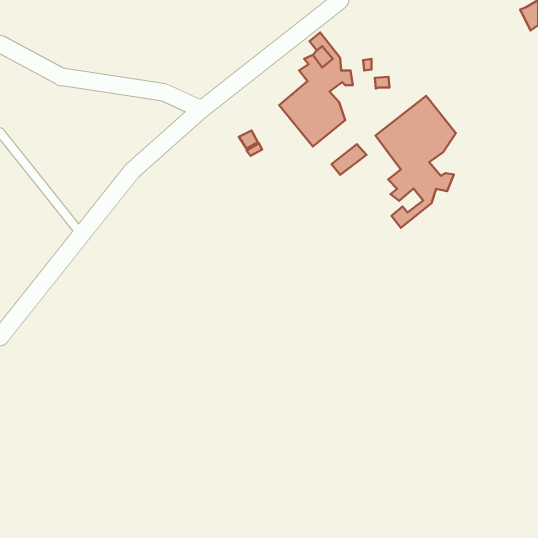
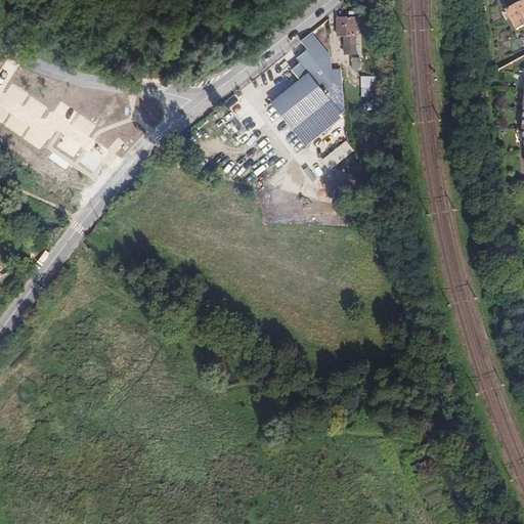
building: none -> [338,17,355,54]
building: [375,96,456,228] -> none

